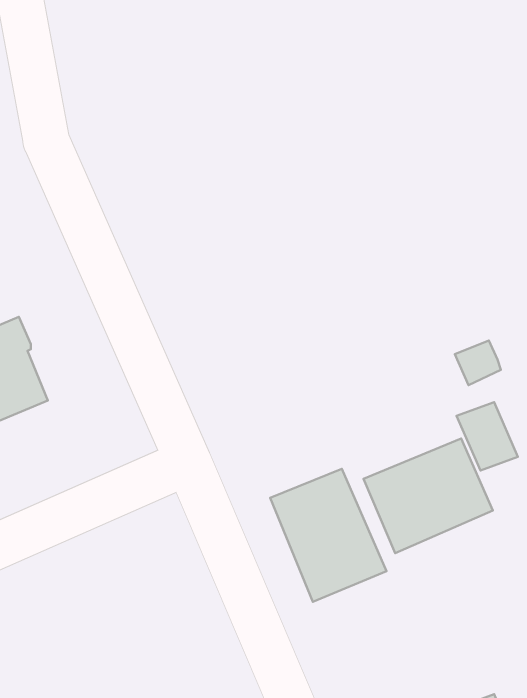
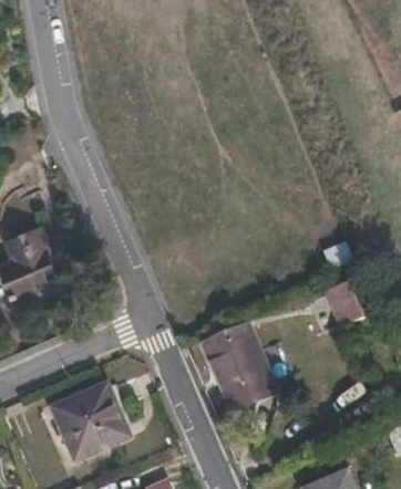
building: [363,439,493,553] -> none
building: none -> [53,384,128,459]

